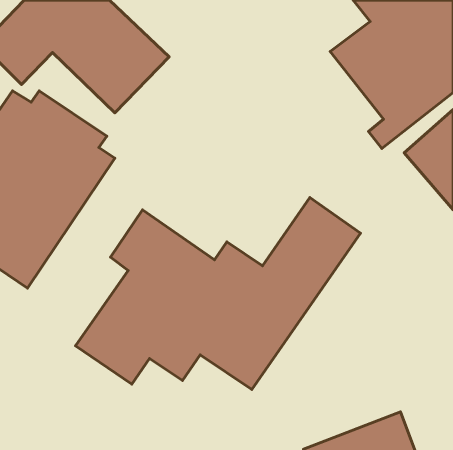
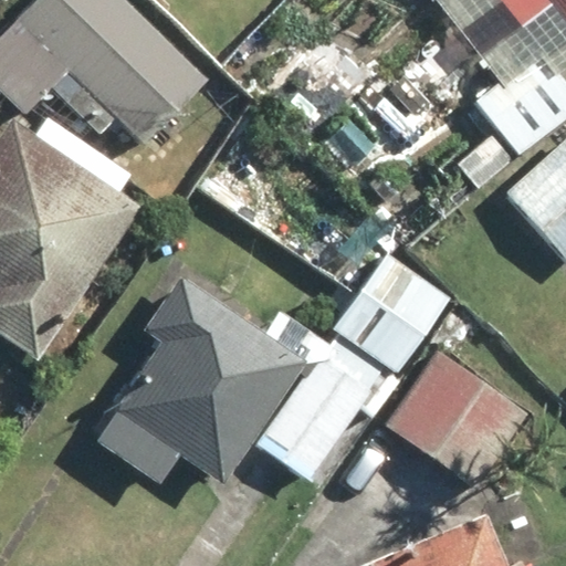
building: none -> [387,345,535,491]

